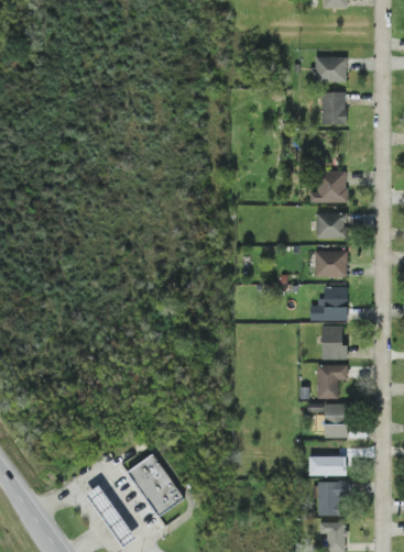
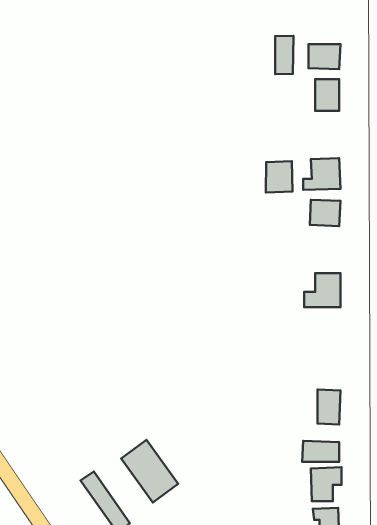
building: none -> [275,36,294,74]
building: none -> [266,161,293,192]
building: [315,250,347,276] -> none
building: [321,324,347,358] -> none
building: [317,364,347,398] -> none

